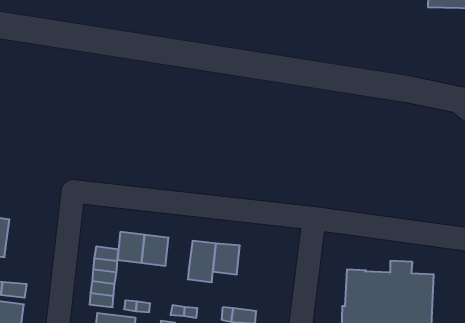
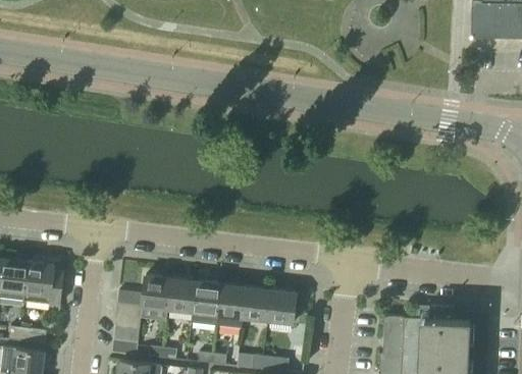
building: none -> [22,262,63,306]
building: none -> [191,281,221,325]
building: none -> [268,289,297,323]

